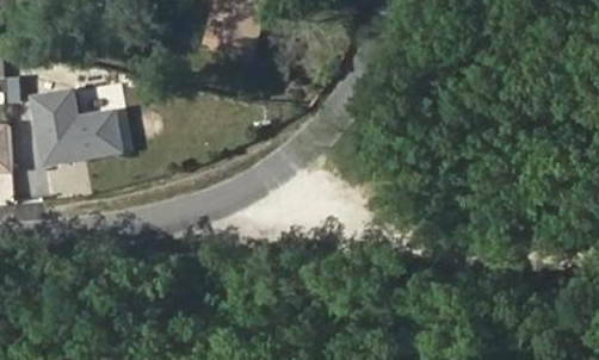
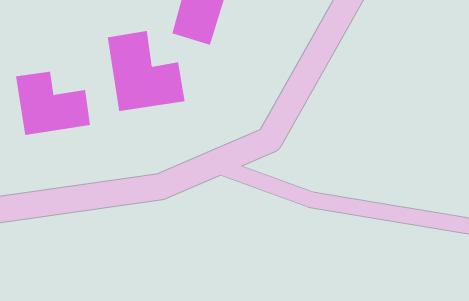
building: none -> [107,30,185,112]

